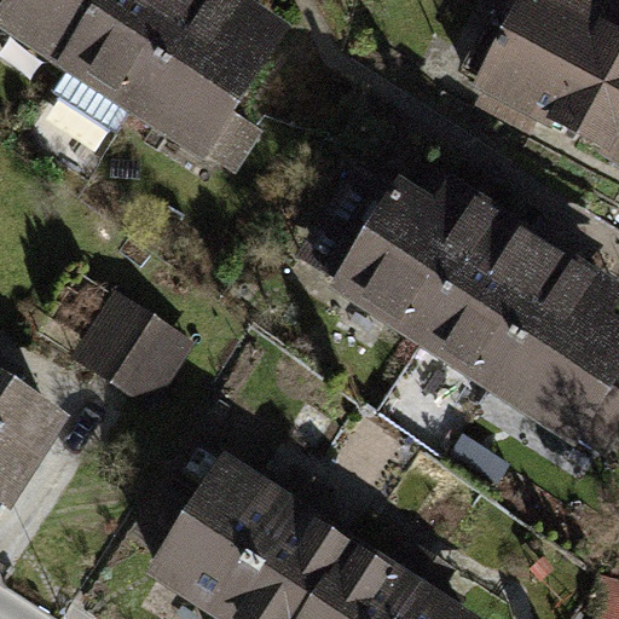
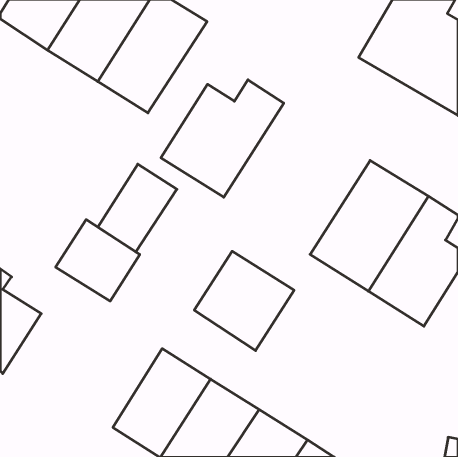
building: [334,185,499,343] -> [161,80,284,197]
building: none -> [98,164,177,252]
building: none -> [194,251,294,351]

